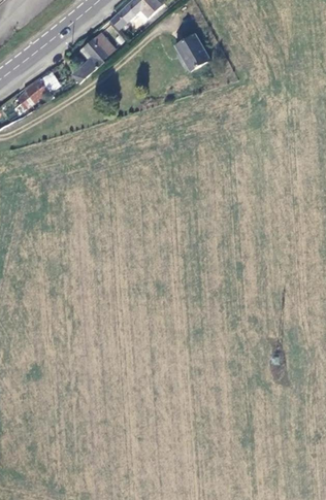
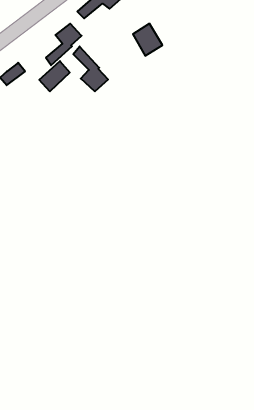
building: none -> [73,46,108,91]
building: none -> [39,61,70,91]

